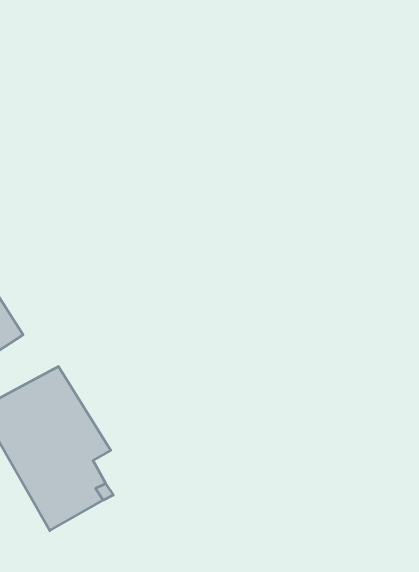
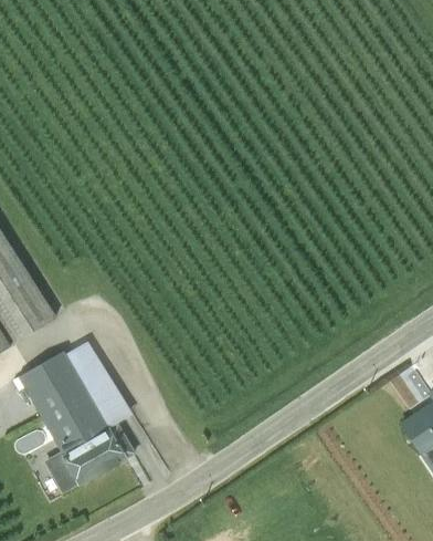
building: none -> [44,452,80,496]

